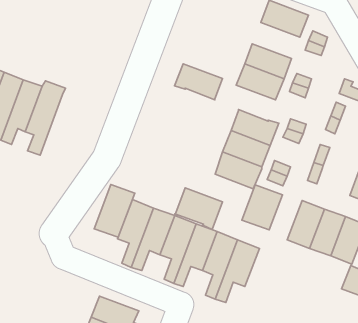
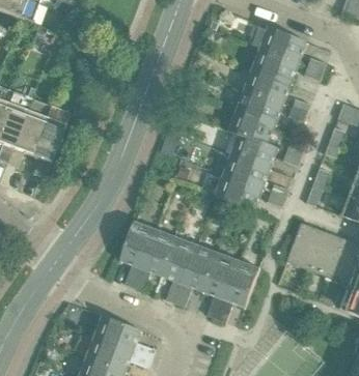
building: none -> [249,47,296,82]
building: [175,64,222,100] -> [225,108,272,143]
building: [94,185,135,237] -> none
building: [242,185,283,230] -> none
building: [175,188,222,230] -> none

